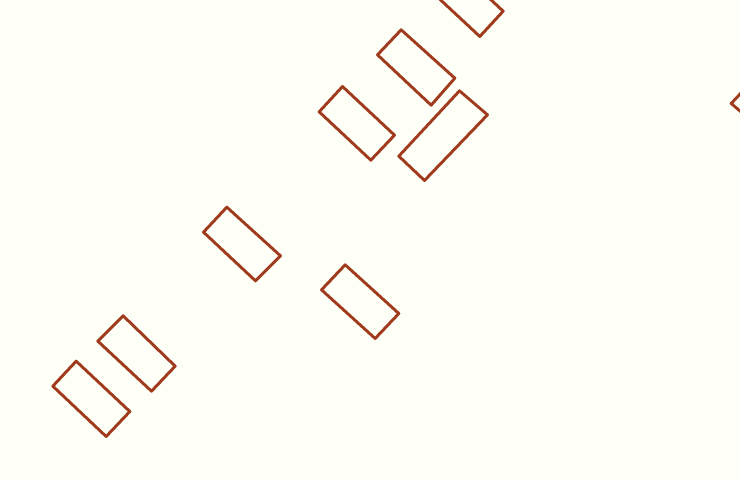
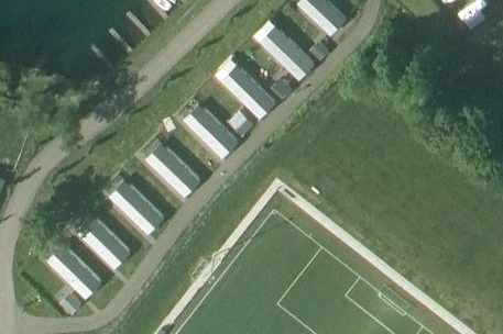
building: [399,91,487,180] -> none
building: none -> [113,182,164,232]
building: [322,265,399,339] -> [187,107,238,155]

